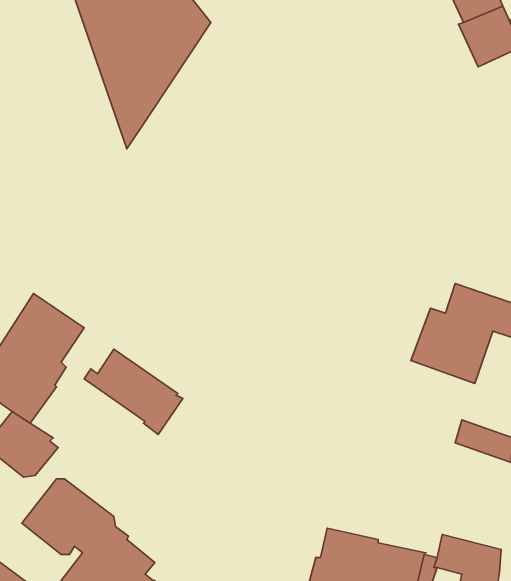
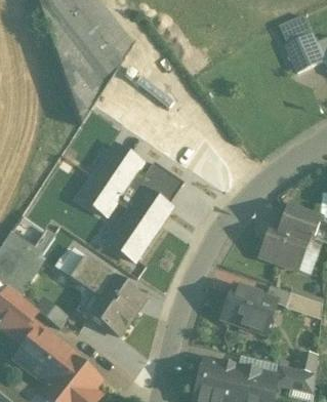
building: none -> [78,142,183,259]
building: none -> [81,276,145,334]
building: none -> [220,284,277,333]

